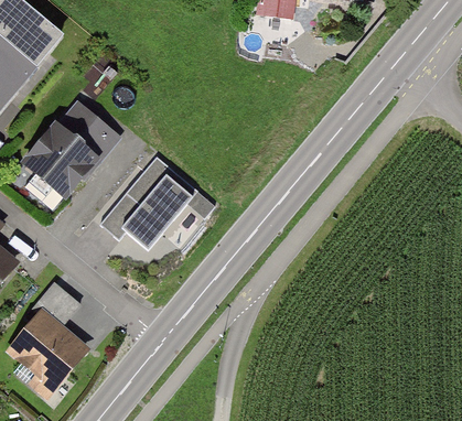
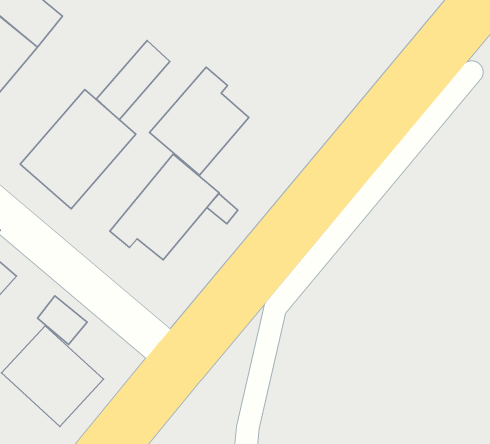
building: none -> [96,41,170,120]
building: none -> [149,67,249,175]

